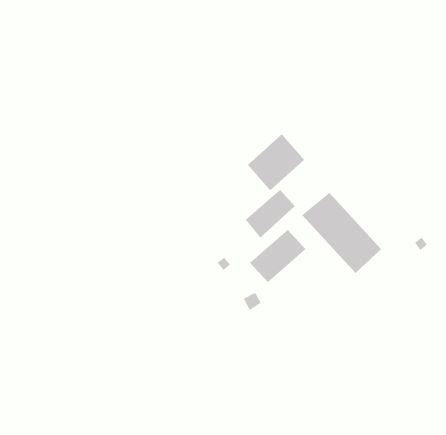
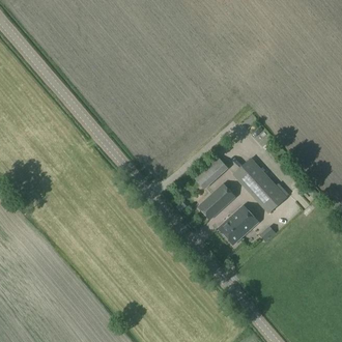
building: [247,133,305,191] -> none
building: none -> [219,204,258,244]

